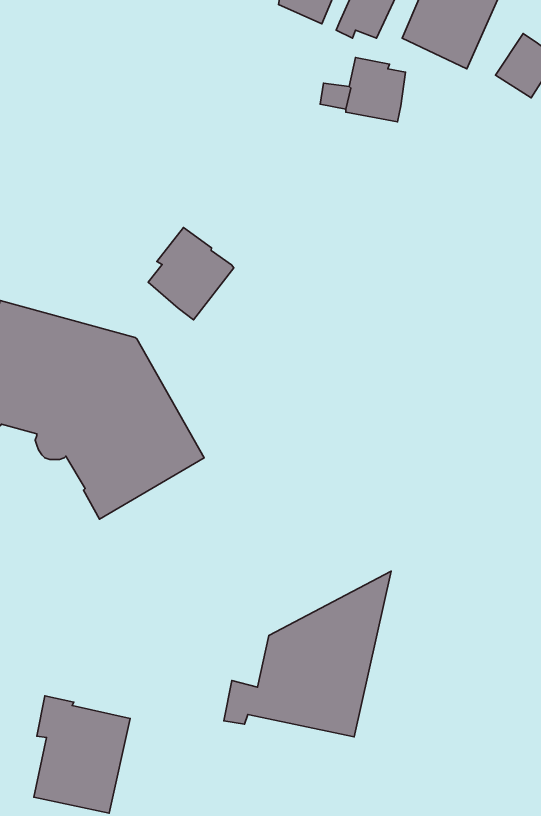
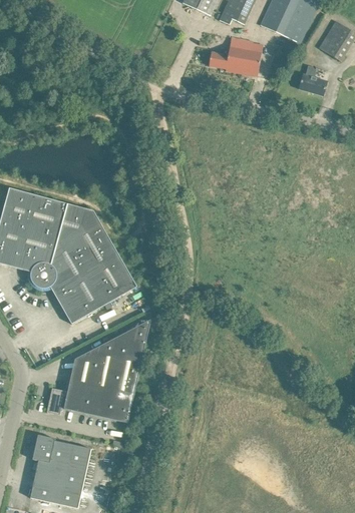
building: none -> [298,65,327,95]
building: [148,227,234,320] -> none
building: [224,571,391,737] -> [46,319,150,422]

